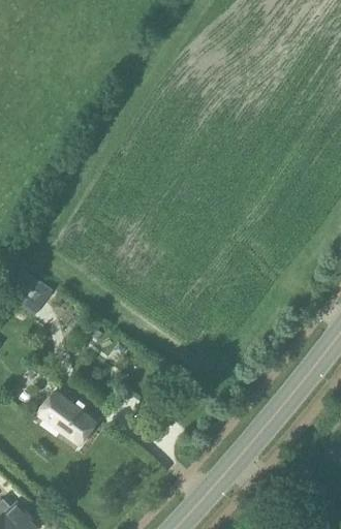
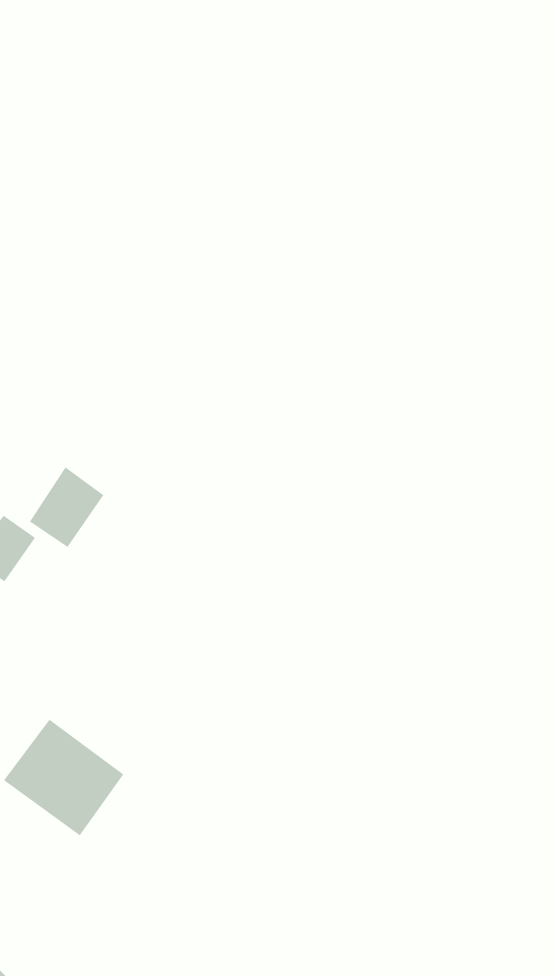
building: none -> [29,467,104,548]

